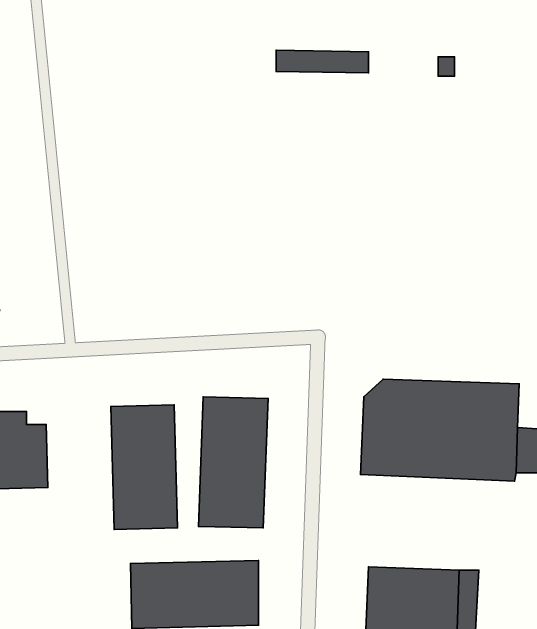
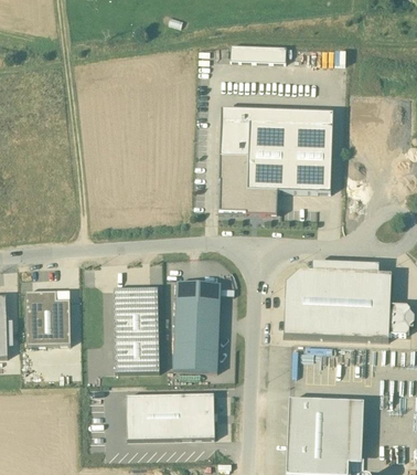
building: none -> [218,109,332,215]

